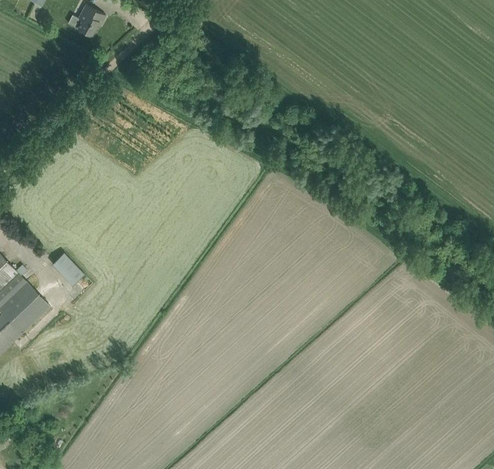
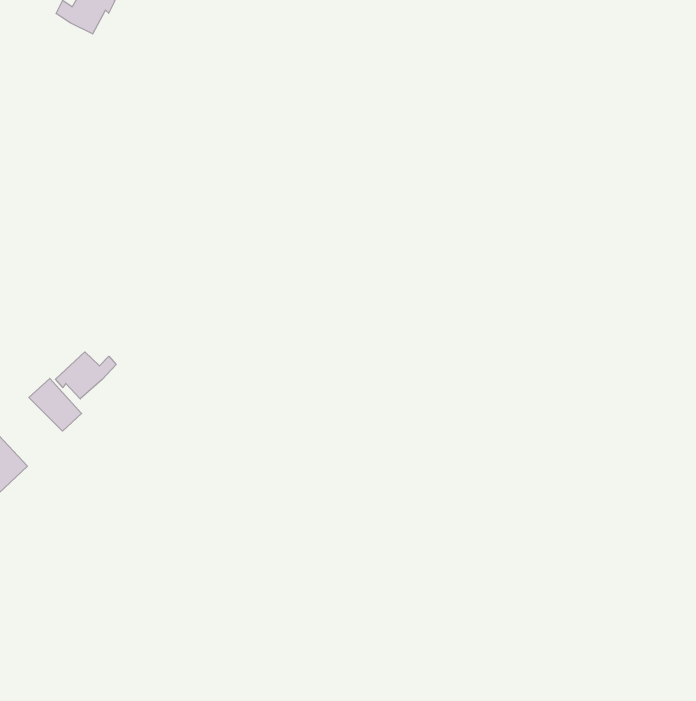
building: none -> [55,352,116,399]

